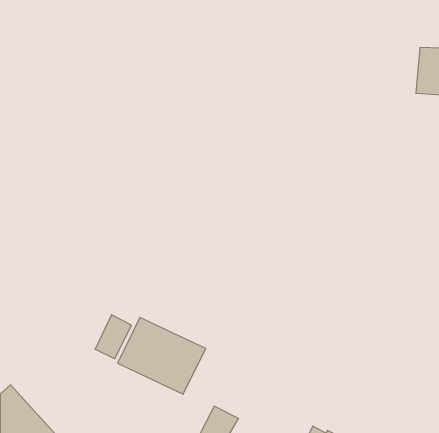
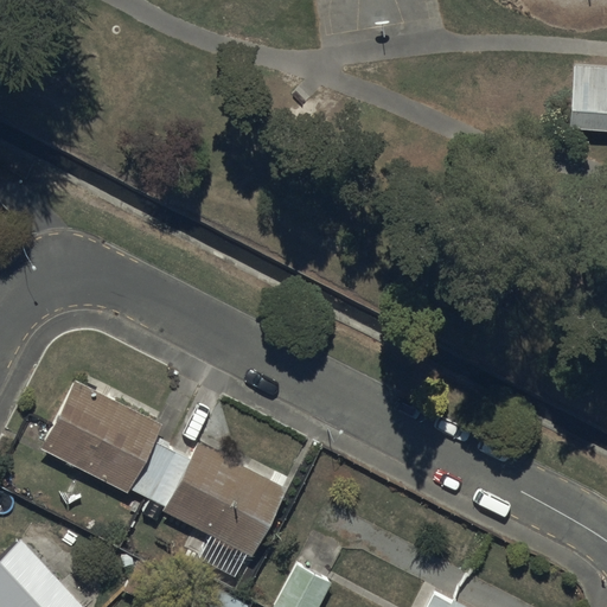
building: none -> [39,381,160,491]

